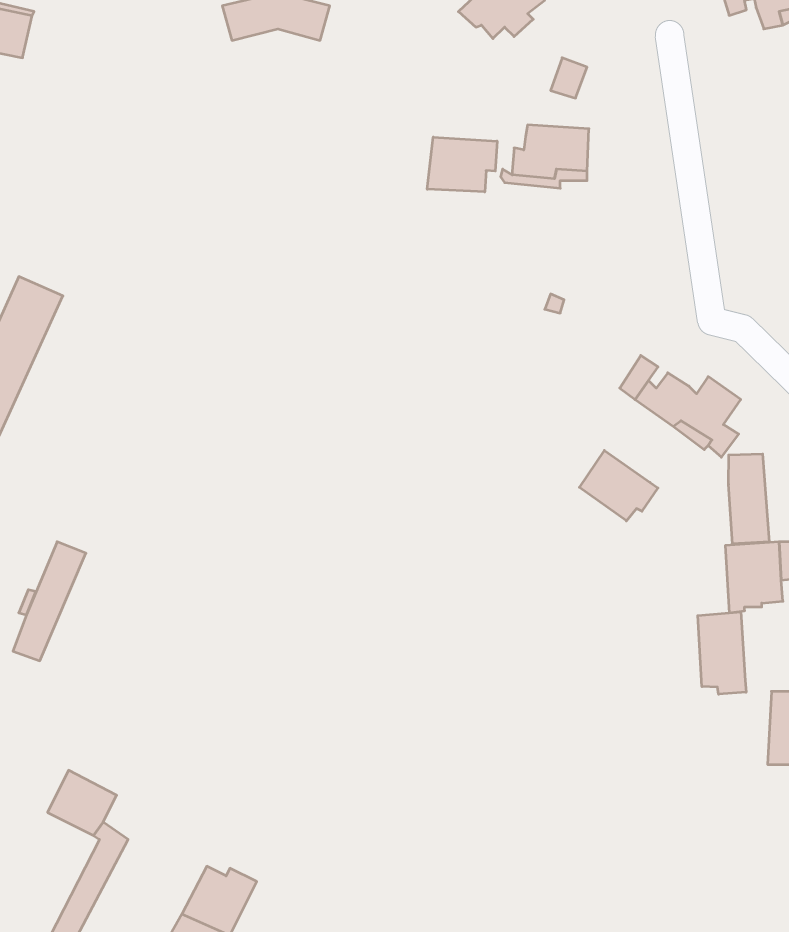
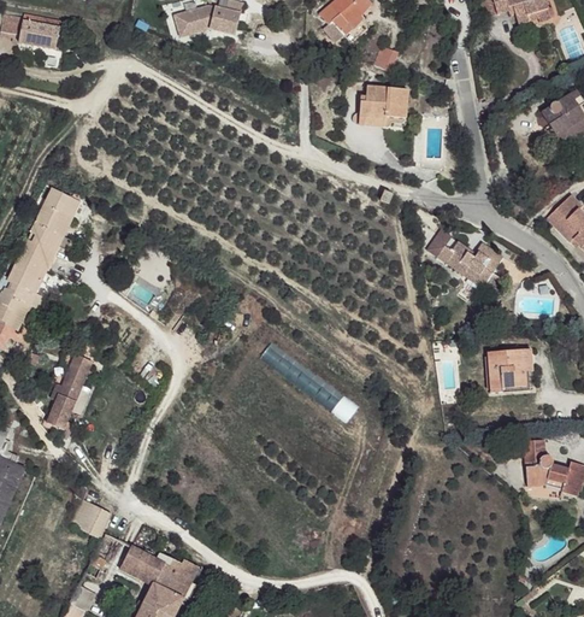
building: [427,137,497,192] -> none
building: [579,450,658,521] -> none
building: [729,454,769,544] -> none
building: [698,612,746,694] -> none
building: none -> [119,542,169,583]

